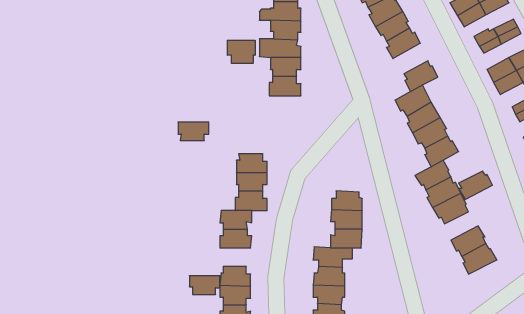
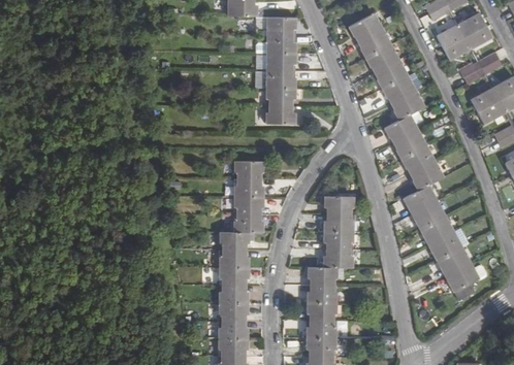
building: [227,40,255,63] -> none
building: none -> [382,74,415,103]
building: [178,122,209,141] -> [234,161,263,178]
building: [459,171,492,200] -> [430,233,462,260]
building: none -> [324,195,353,214]
building: [189,276,220,294] -> [219,267,248,285]

